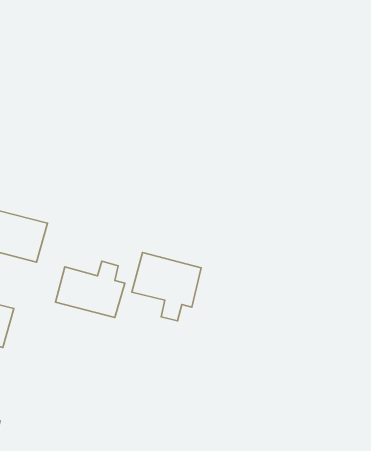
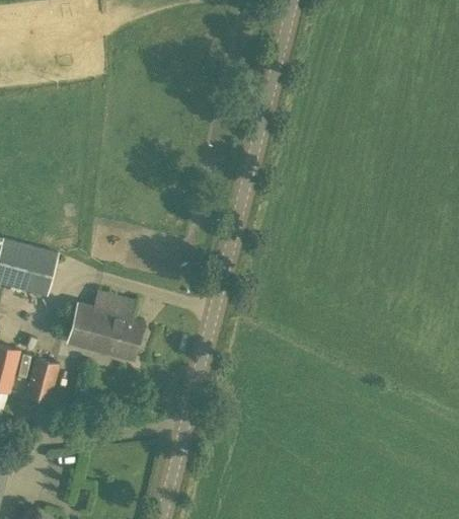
building: [132,253,201,321] -> none
building: none -> [24,358,60,403]

